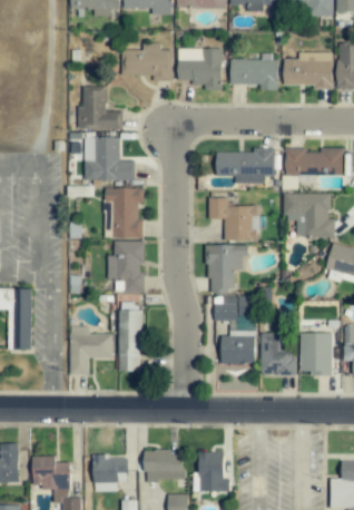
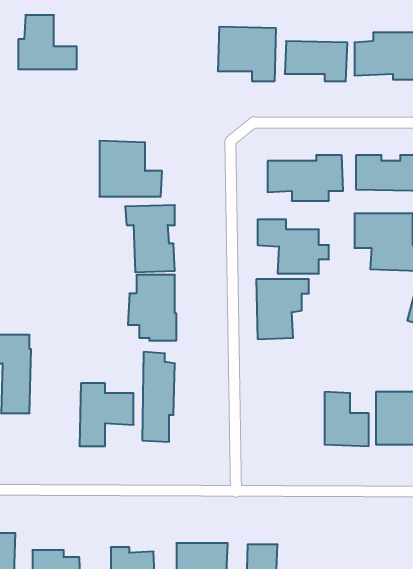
building: [121,42,173,80] -> none
building: [78,86,124,128] -> [18,15,77,69]
building: [214,295,255,363] -> none

